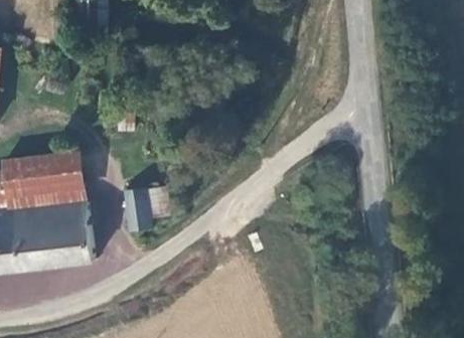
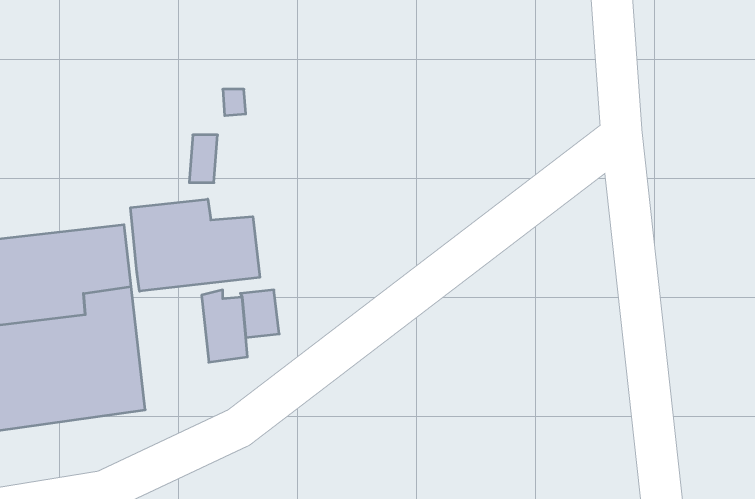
building: none -> [131,199,260,291]

